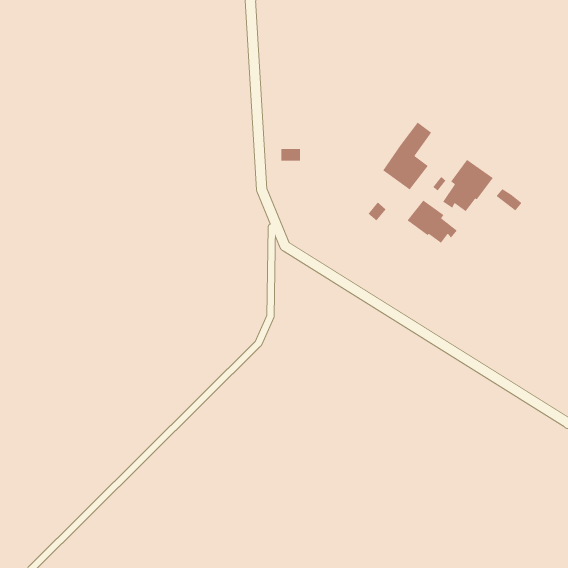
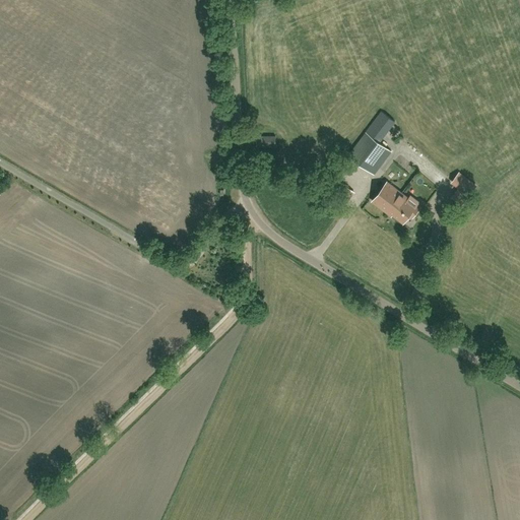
building: [442,159,494,212] -> none

